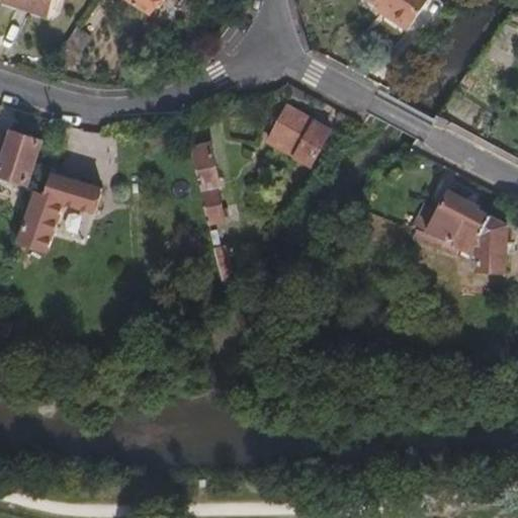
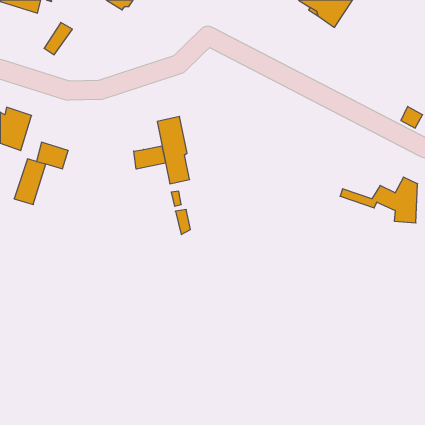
building: [266,107,328,167] -> none
building: none -> [134,146,166,169]
building: [412,189,491,242] -> none

